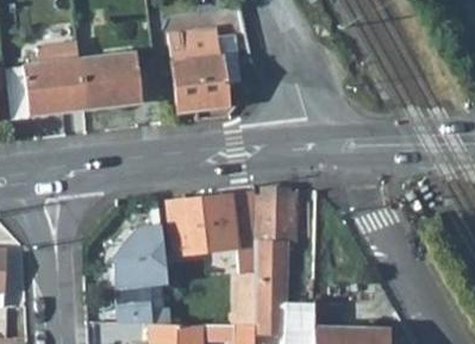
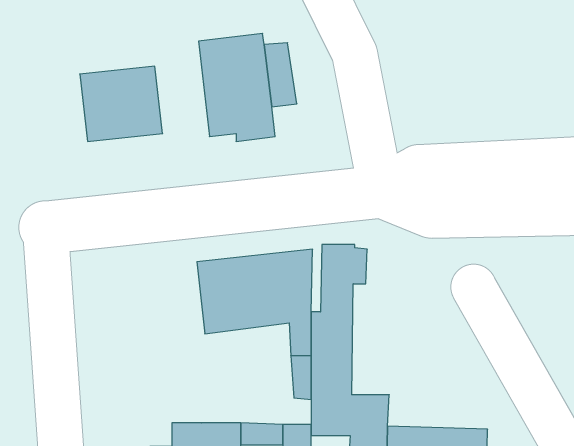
building: [23,40,85,115] -> none
building: [115,225,171,324] -> none

